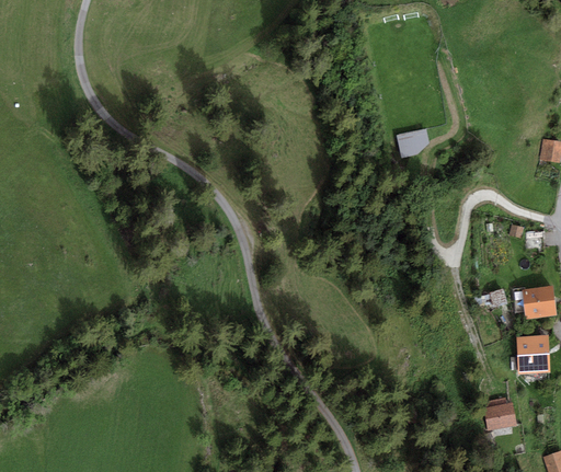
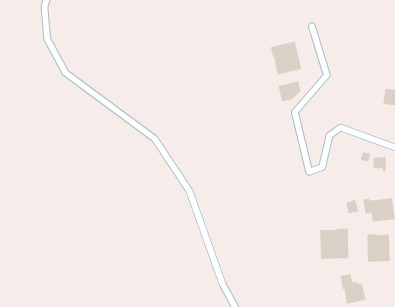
building: none -> [270,41,302,75]
building: none -> [320,228,349,259]

